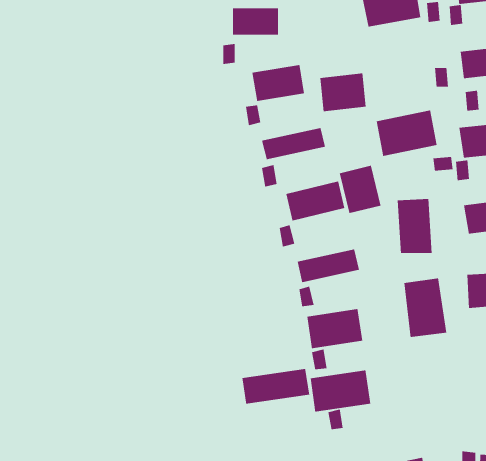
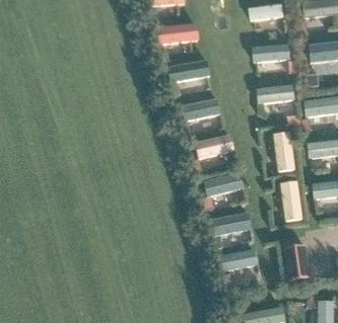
building: [320,73,366,112] -> [254,44,283,68]
building: [339,165,381,214] -> none
building: none -> [286,244,311,279]
building: [242,368,310,404] -> none

